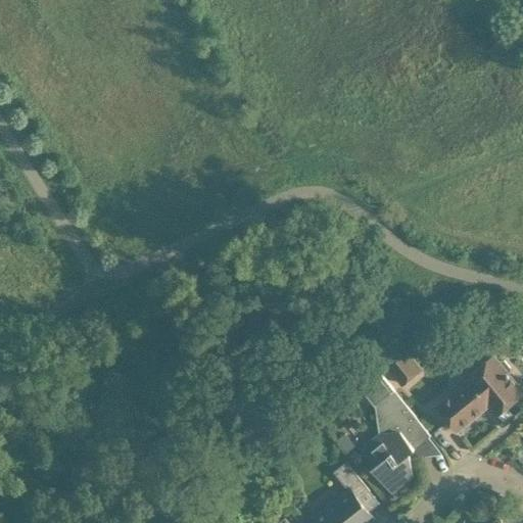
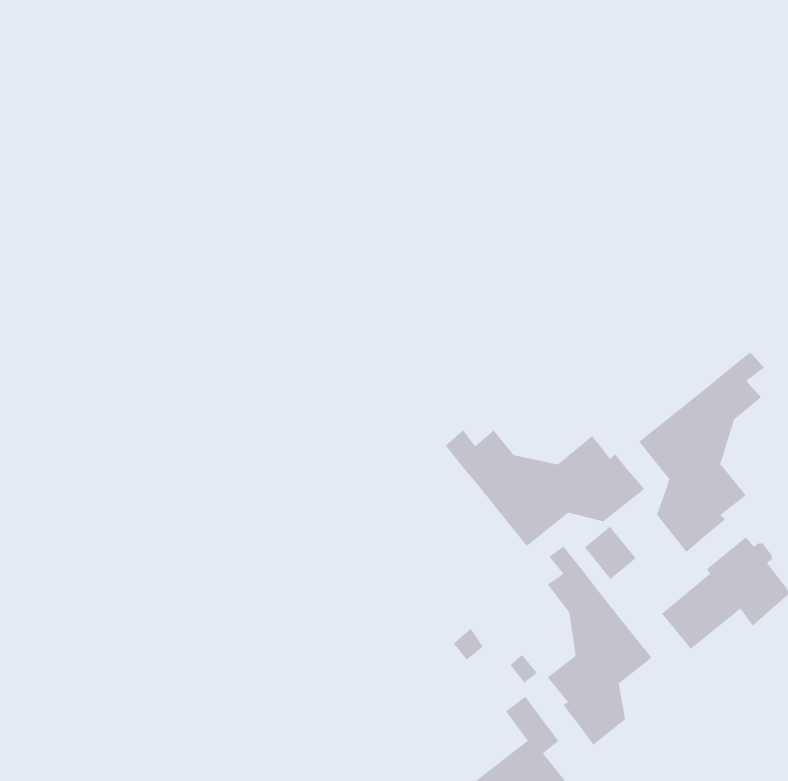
building: none -> [639,351,765,553]
building: none -> [445,430,645,547]

